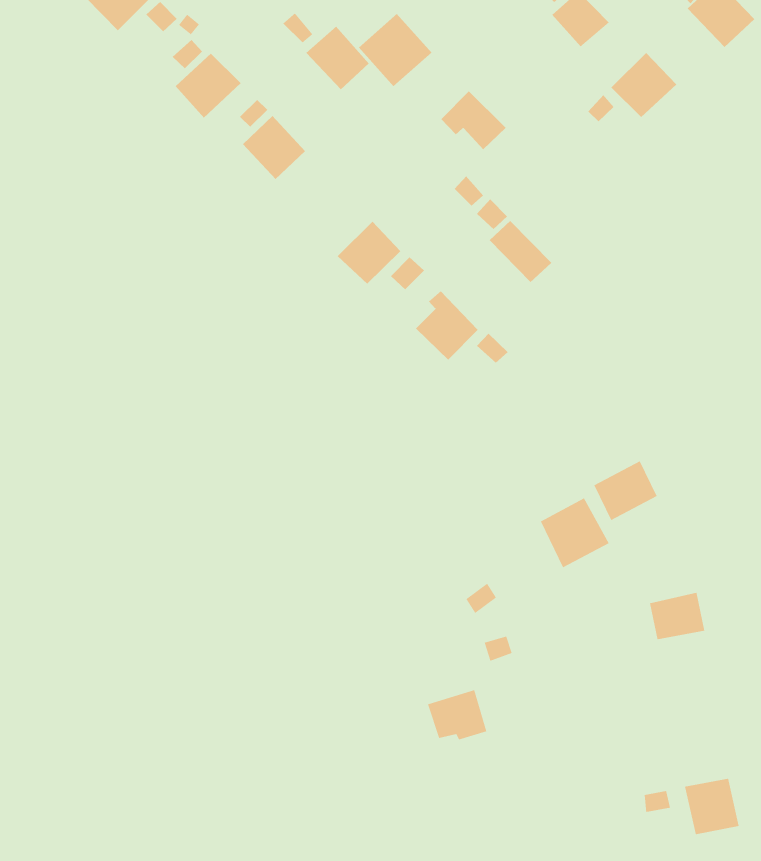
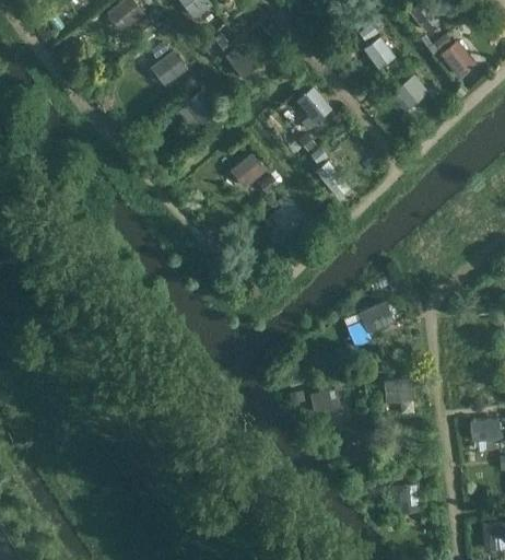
building: [358,13,432,87] -> none
building: [540,498,610,568] -> none
building: [427,689,487,740] -> [310,388,342,416]

